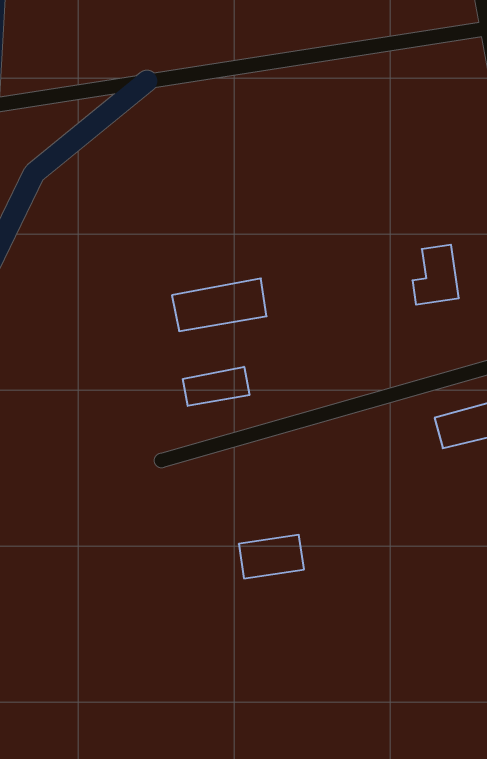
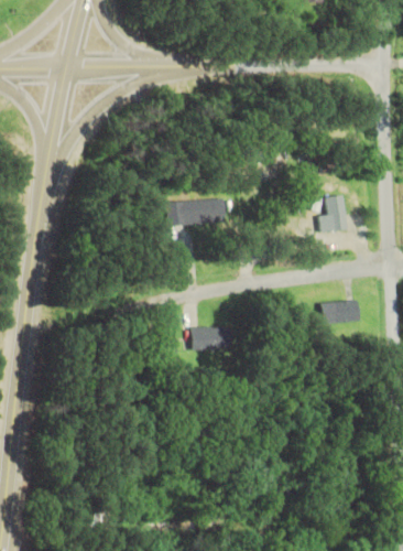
building: [183,367,249,406] -> none
building: [239,535,304,578] -> [192,326,230,348]

